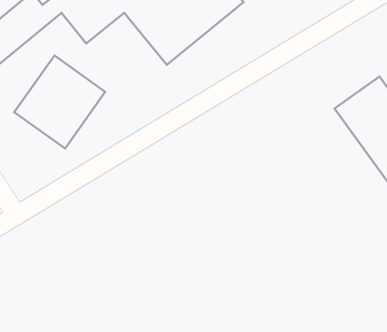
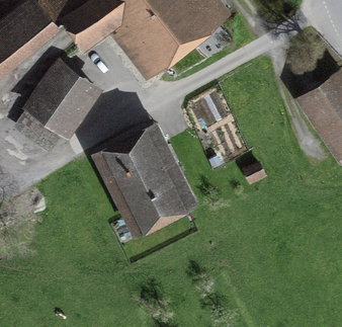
building: none -> [97,122,195,233]

